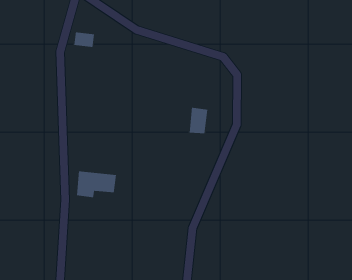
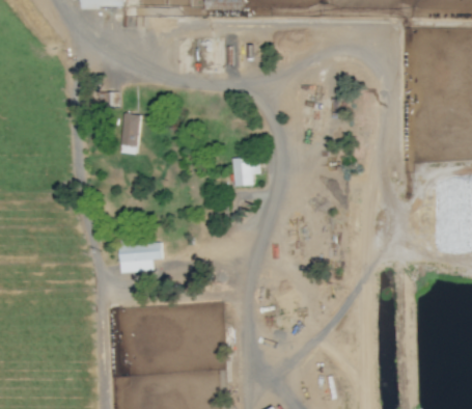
building: none -> [121,115,138,156]

